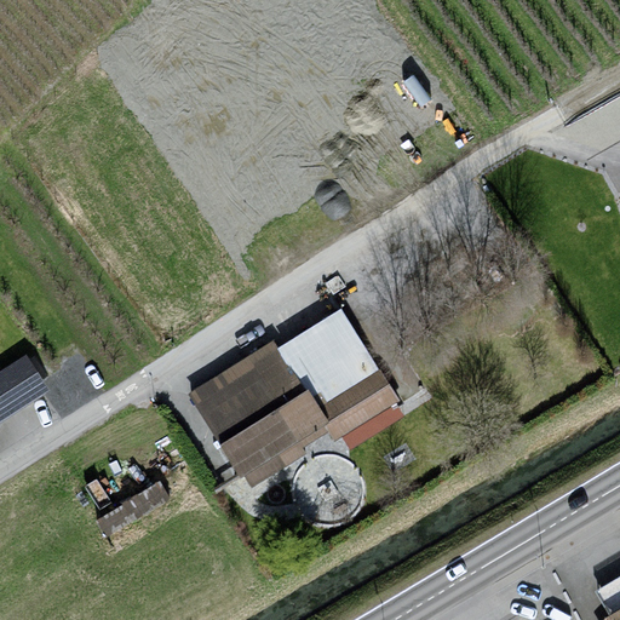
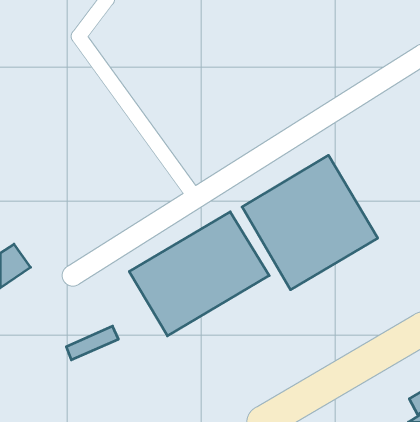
building: none -> [242,155,378,290]

